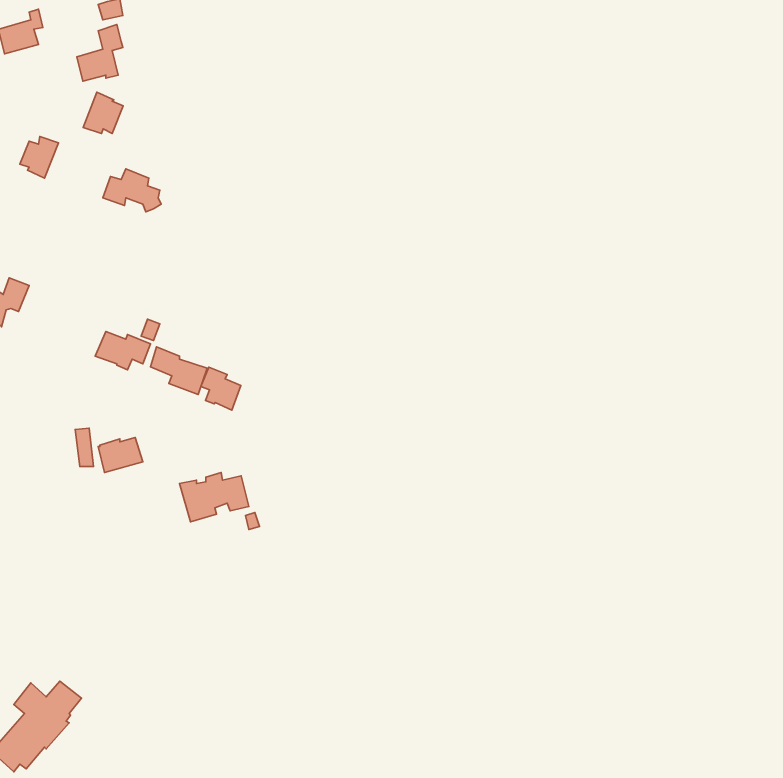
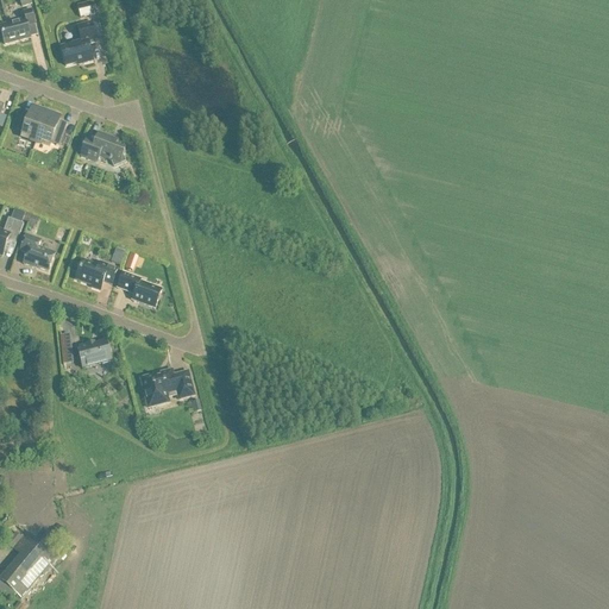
building: [83,92,123,134] -> [34,111,65,143]
building: none -> [19,232,54,269]
building: [201,367,241,410] -> none

